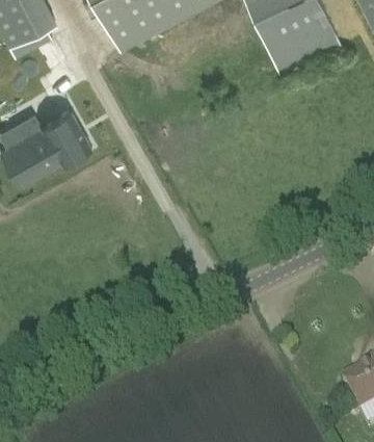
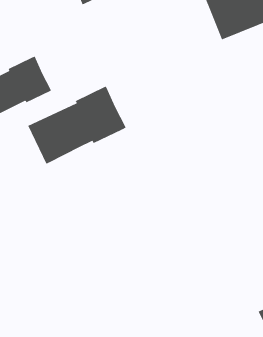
building: none -> [28,86,126,165]

